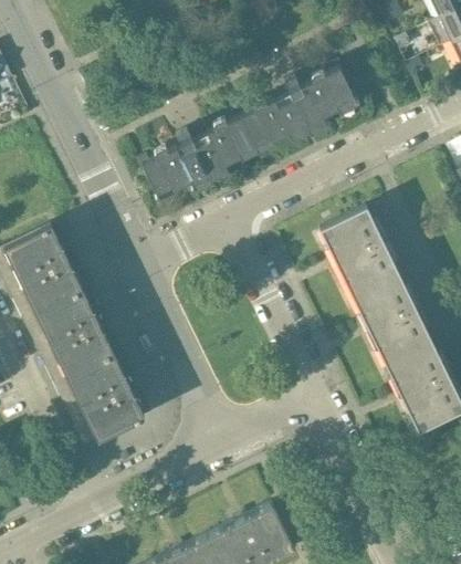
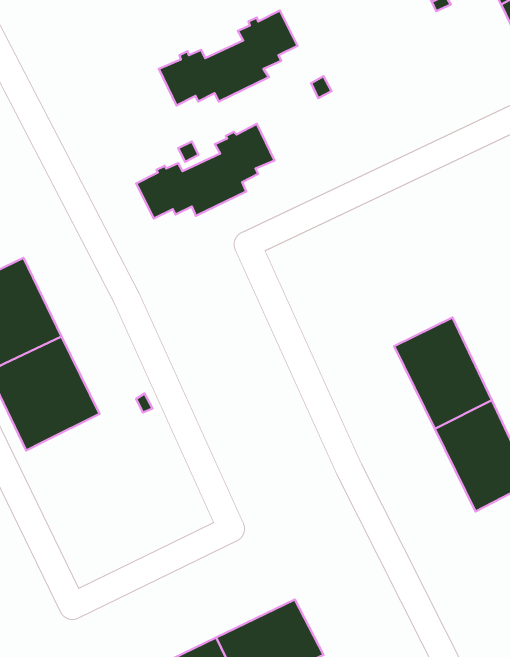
building: [241,67,354,145] -> [159,11,297,105]
building: [321,206,400,296] -> none
building: [53,352,145,447] -> none

